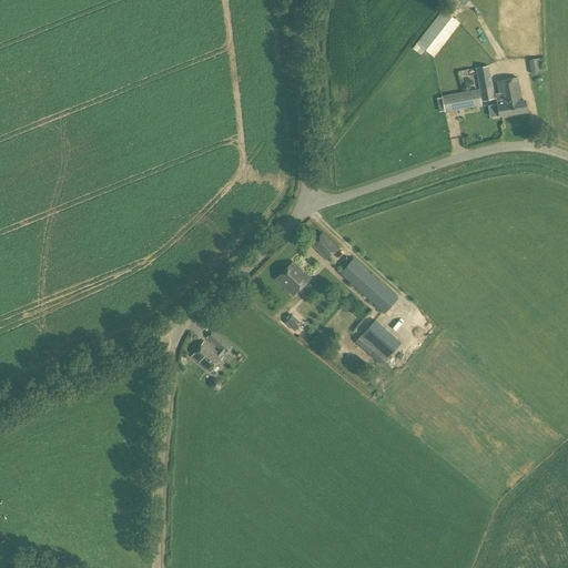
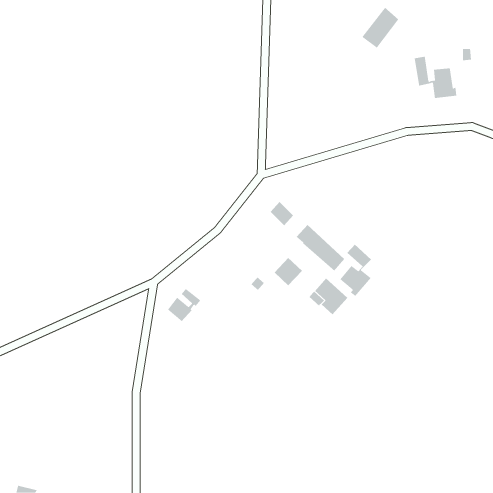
building: [440,88,480,111] -> none
building: [275,261,308,294] -> [274,257,303,286]
building: none -> [339,244,372,297]

